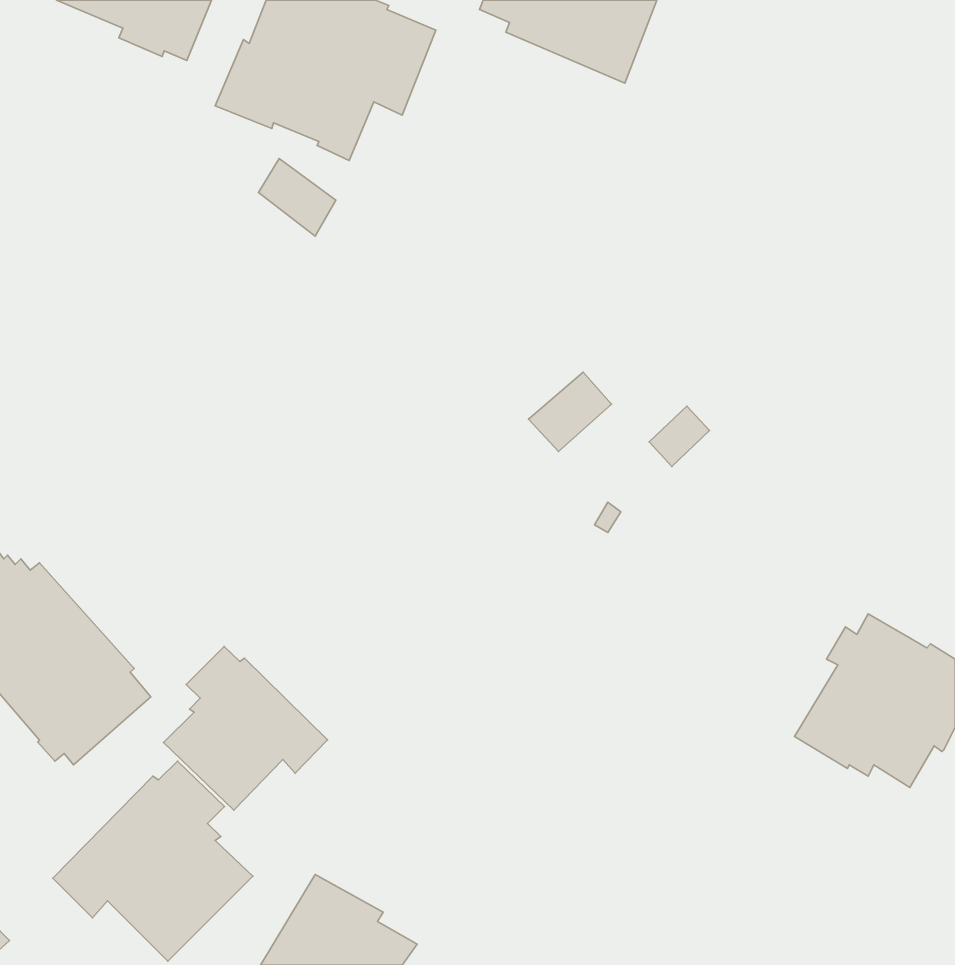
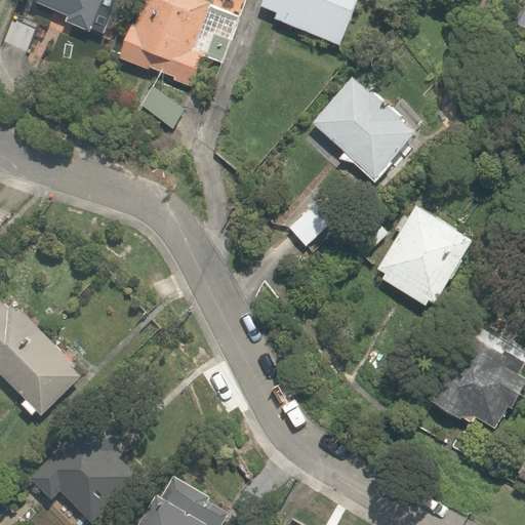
building: none -> [313,76,415,181]
building: none -> [376,204,473,306]
building: [164,646,327,810] -> none

